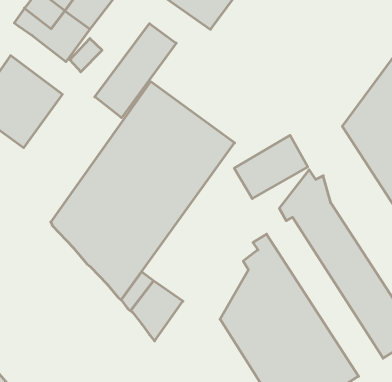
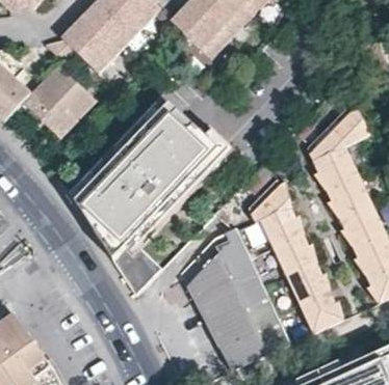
building: [95,24,176,118] -> none
building: [234,135,308,199] -> none

